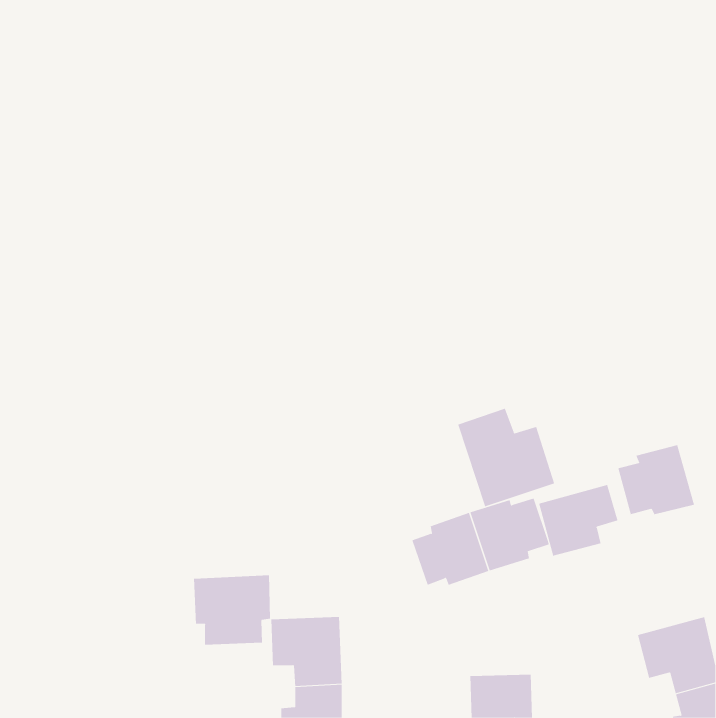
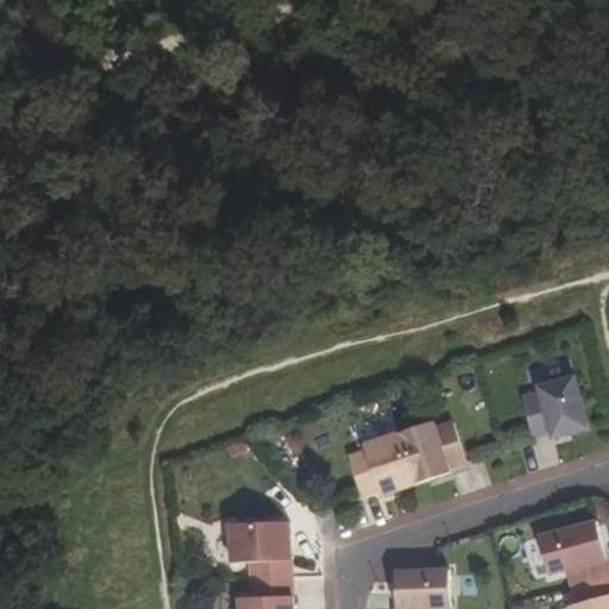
building: [457,408,555,507] -> none
building: [538,484,618,556] -> none
building: [194,574,271,645] -> none

